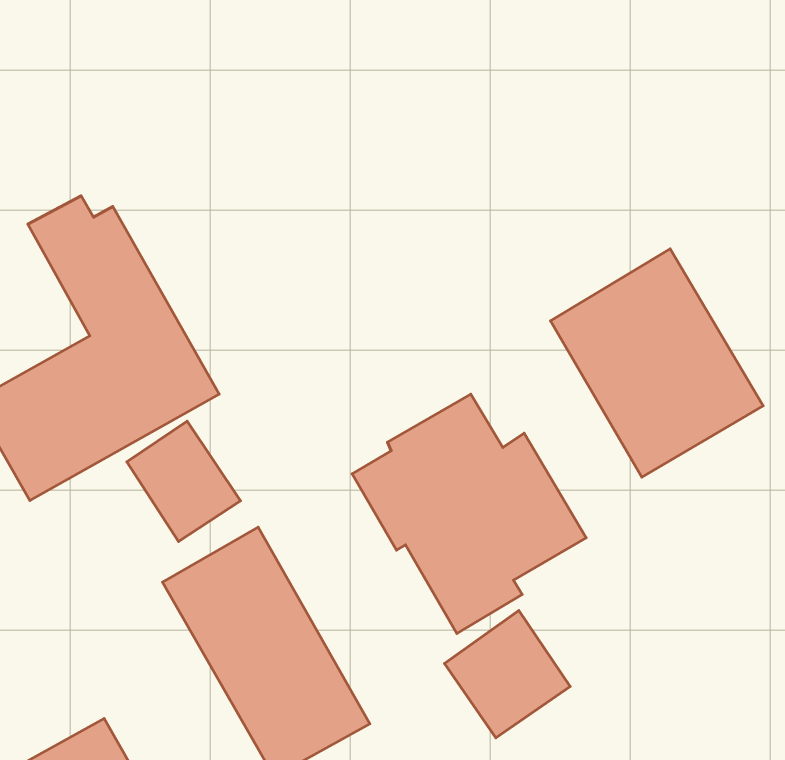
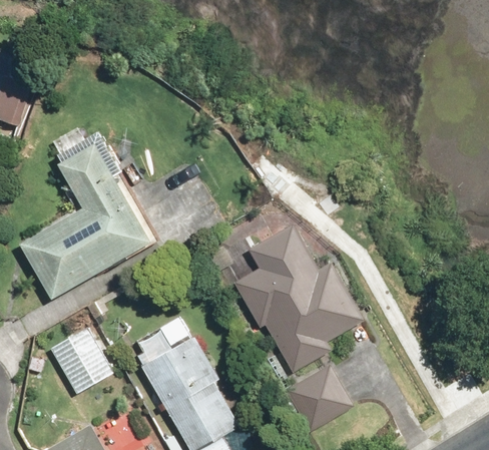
building: [550,249,763,477] -> none
building: [127,421,240,542] -> [48,327,112,395]

